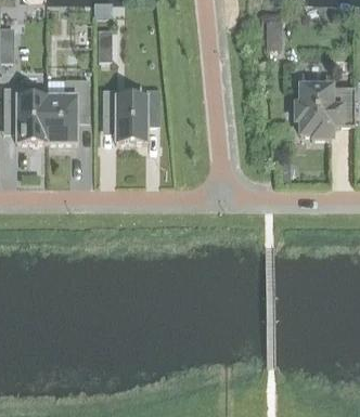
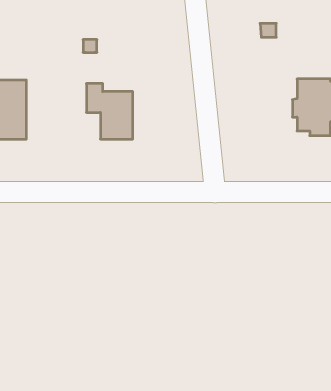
building: [46,79,89,142] -> none

